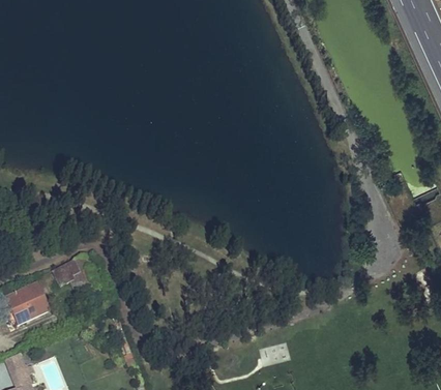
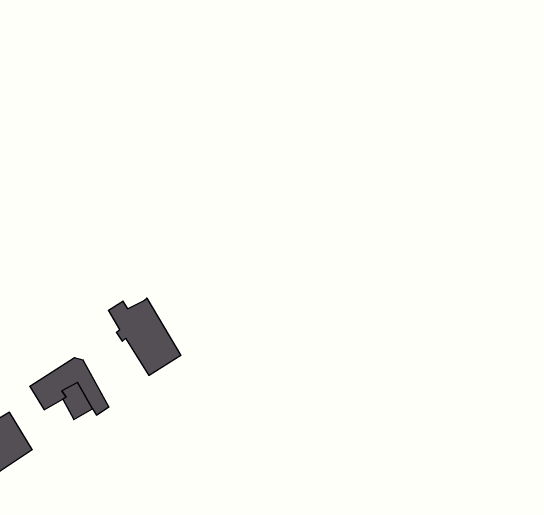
building: none -> [108,298,181,375]

